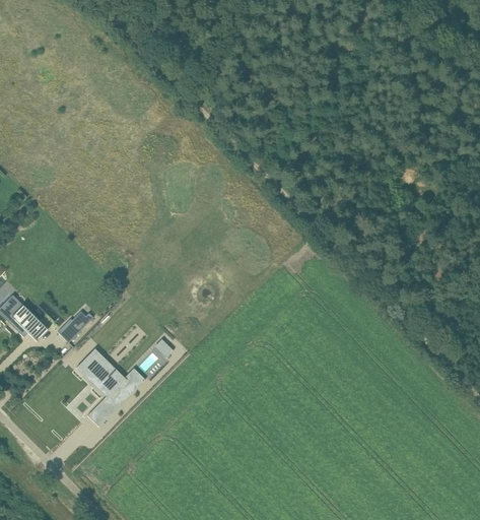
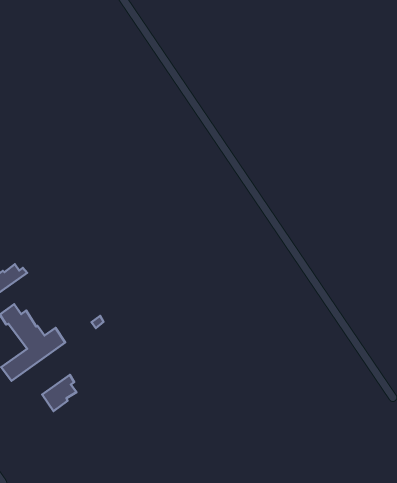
building: none -> [42,375,76,411]

